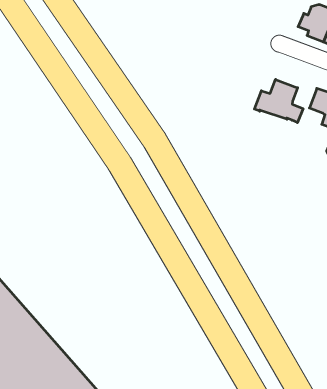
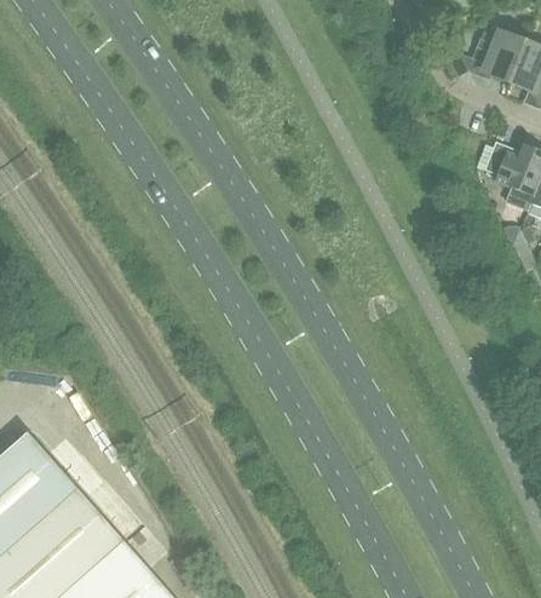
building: [254,79,303,123] -> none

